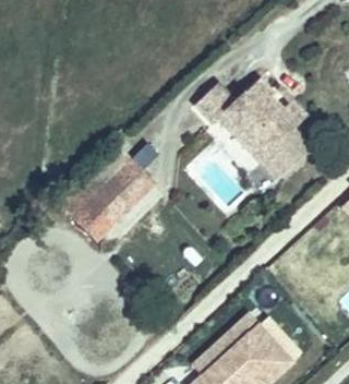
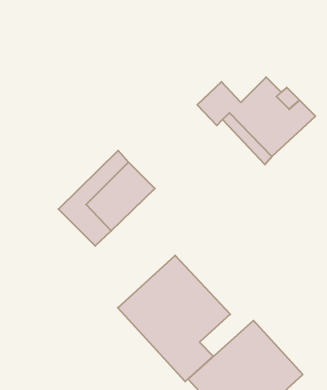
building: none -> [118,255,230,382]

